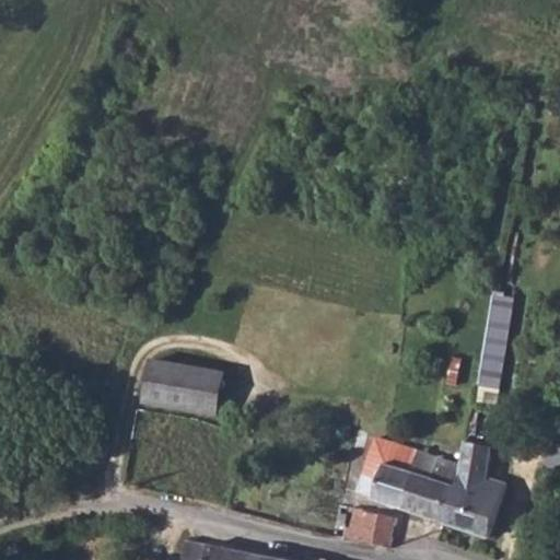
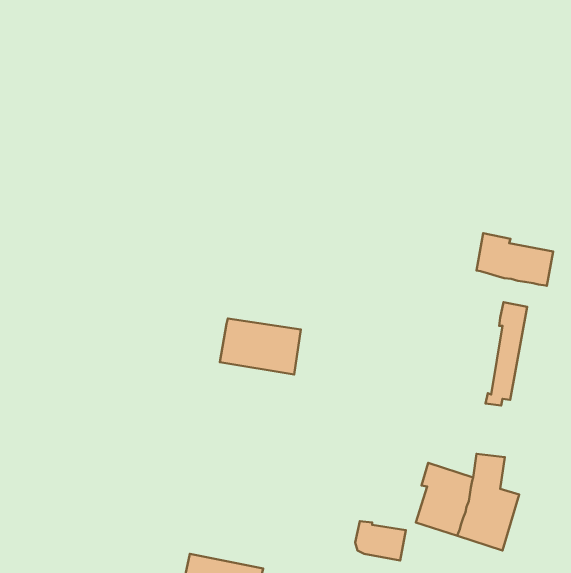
building: none -> [476,233,553,286]
building: [144,360,223,415] -> [220,318,301,375]
building: [358,439,417,510] -> none

